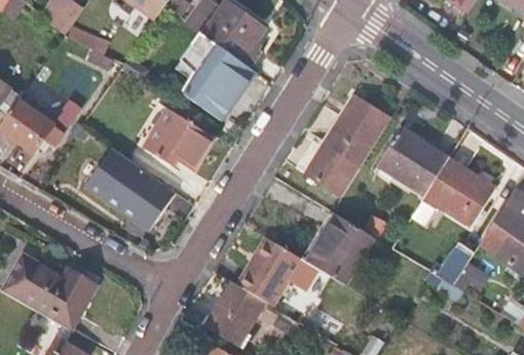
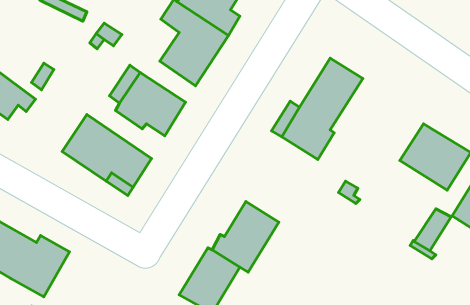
building: [375,128,450,200] -> none
building: [305,211,371,279] -> none

